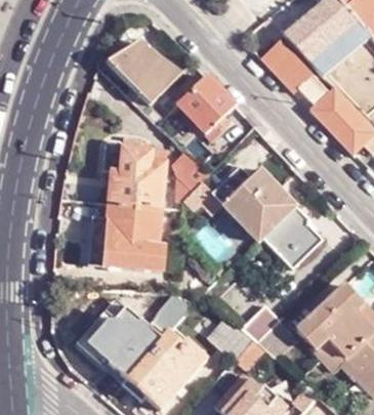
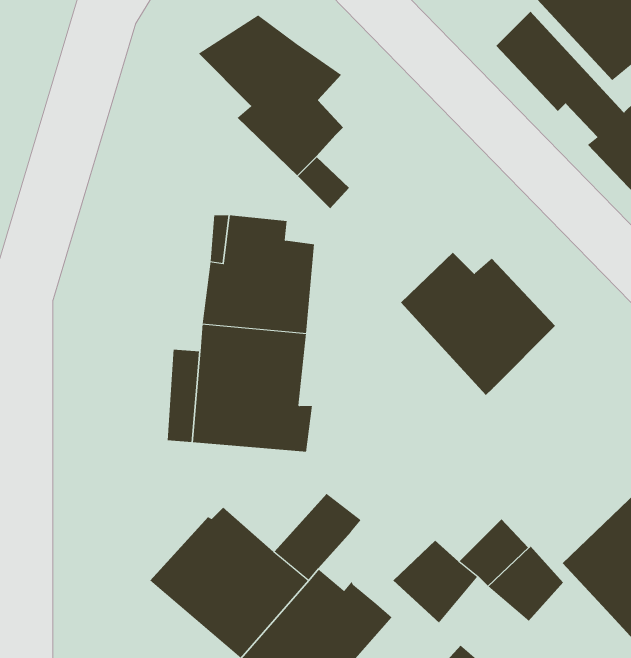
building: [178,75,237,139] -> none
building: [173,154,209,209] -> none
building: [261,204,322,268] -> none

